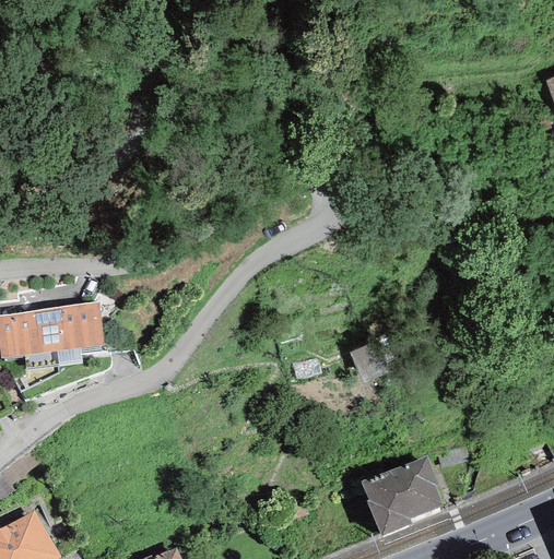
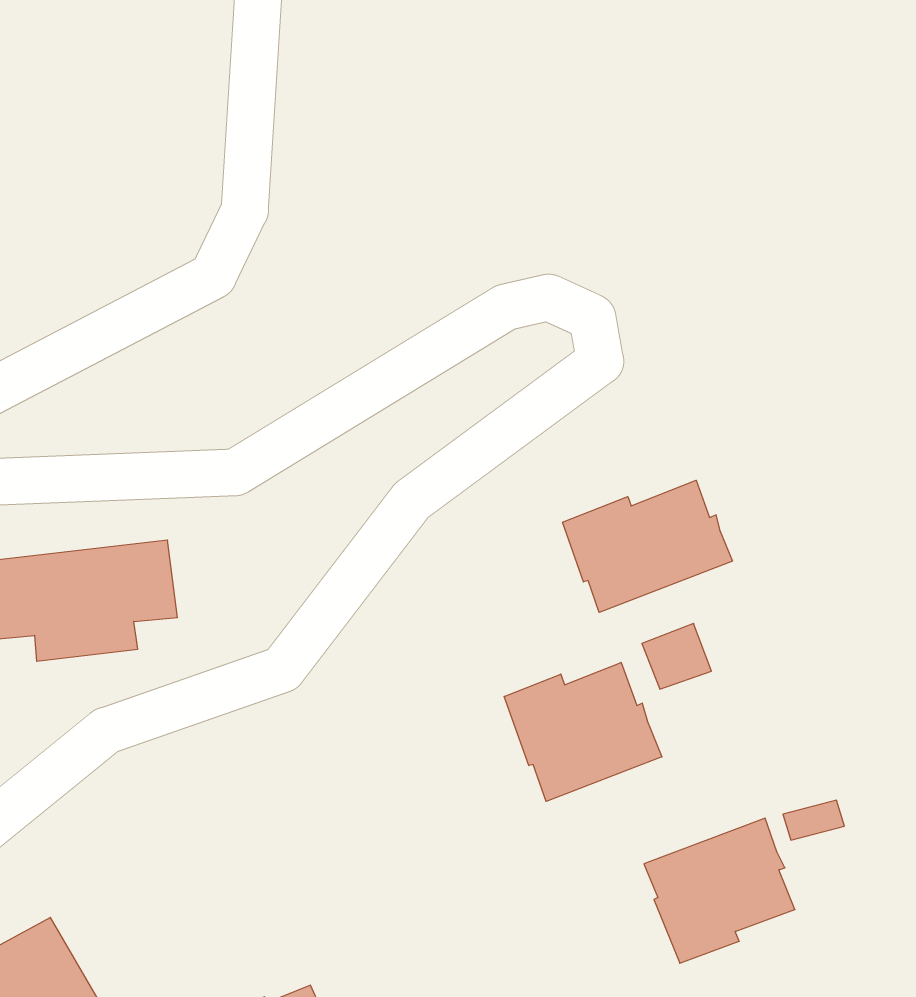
building: none -> [563,480,732,612]
building: none -> [504,662,662,801]

